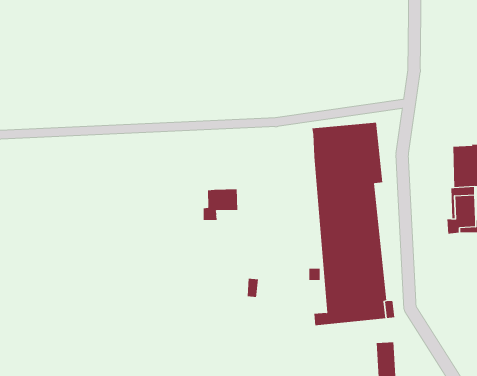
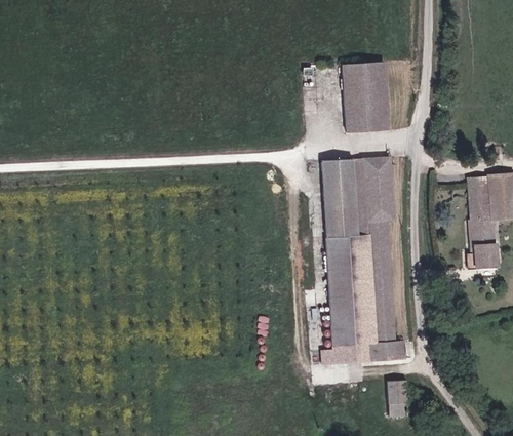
building: none -> [344,61,392,132]
building: [203,188,238,221] -> none

